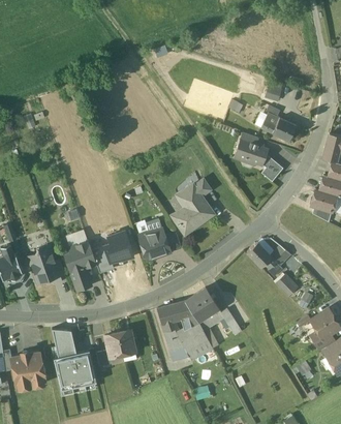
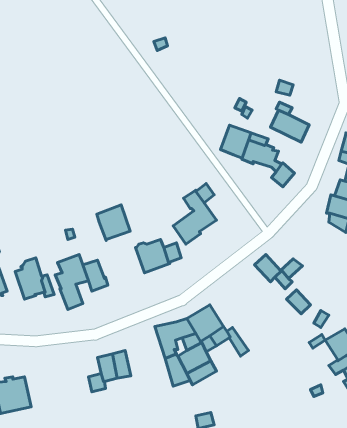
building: none -> [220,125,251,158]
building: [102,231,132,263] -> [97,205,130,240]
building: [52,330,96,389] -> none

